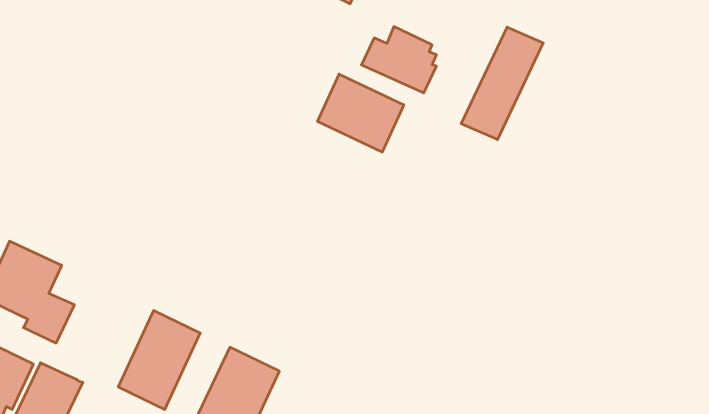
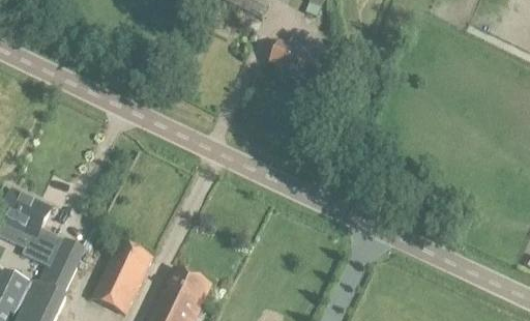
building: [461,27,543,140] -> none
building: [318,74,404,152] -> none
building: none -> [39,235,85,291]

